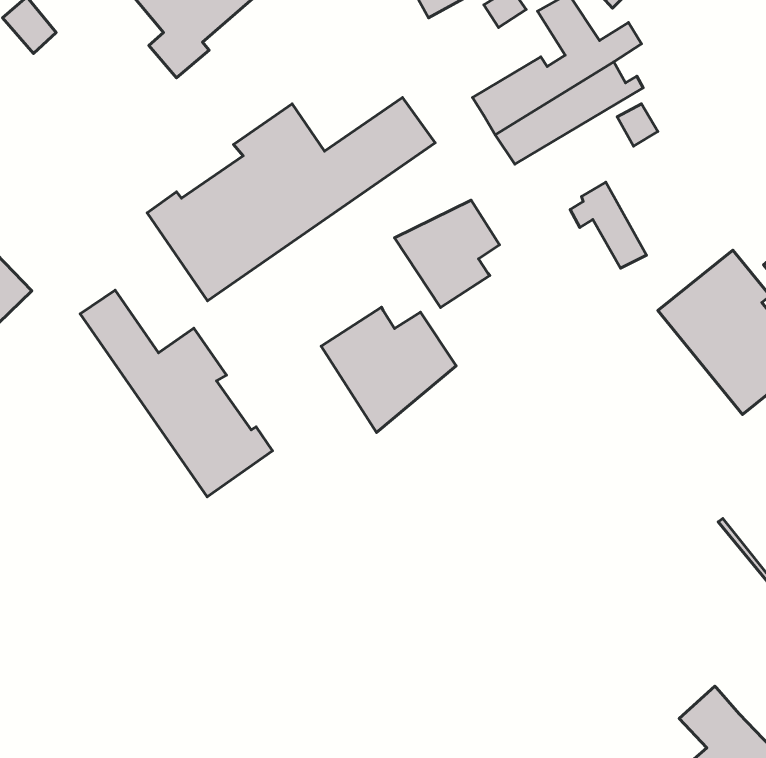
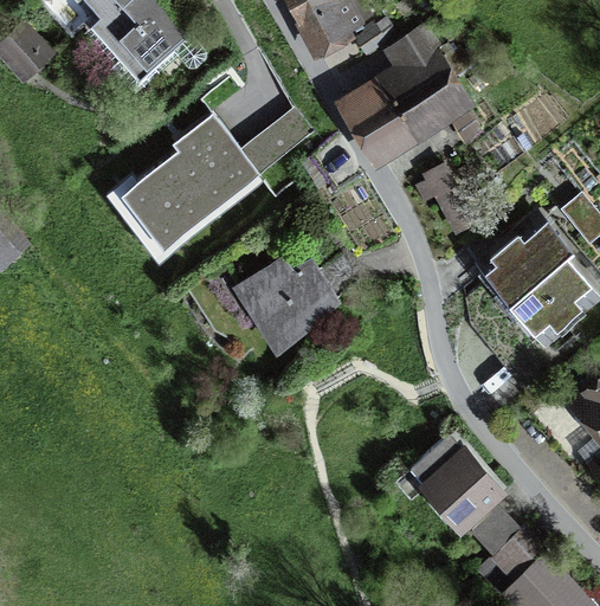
building: [395,200,499,308] -> none
building: [80,290,272,497] -> none
building: none -> [409,436,499,528]
building: none -> [471,508,518,555]

